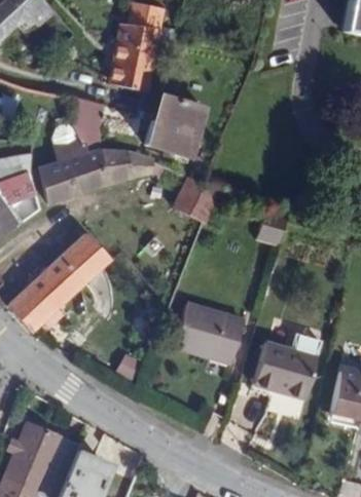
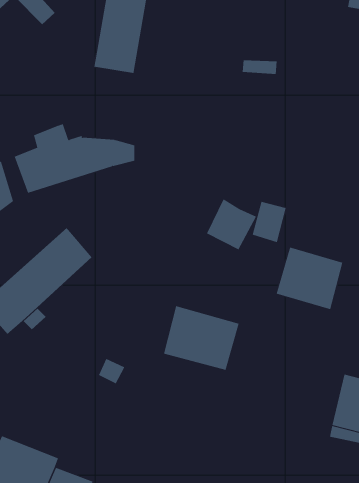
building: [146,94,206,157] -> none
building: [71,98,102,151] -> none
building: [175,176,221,223] -> [206,199,257,250]
building: [255,341,317,398] -> [276,247,343,310]

